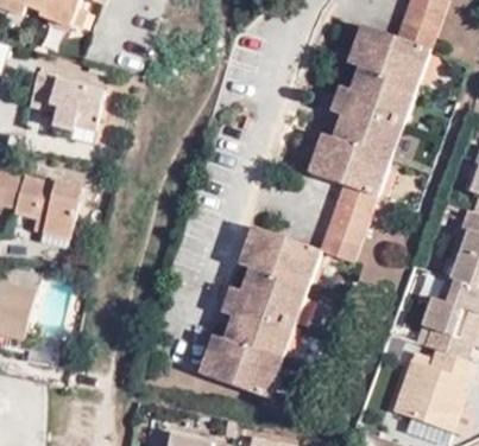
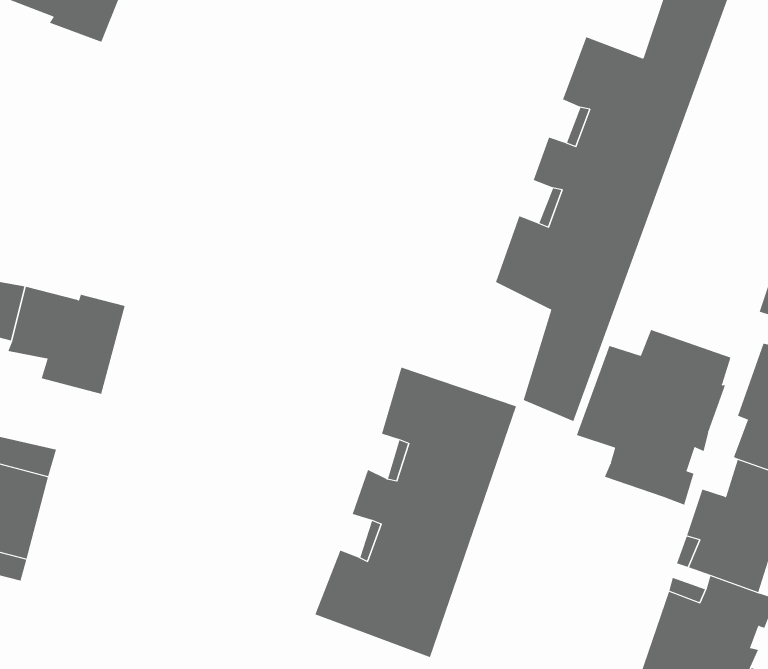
building: [29,74,105,141] -> none
building: none -> [576,329,731,505]

